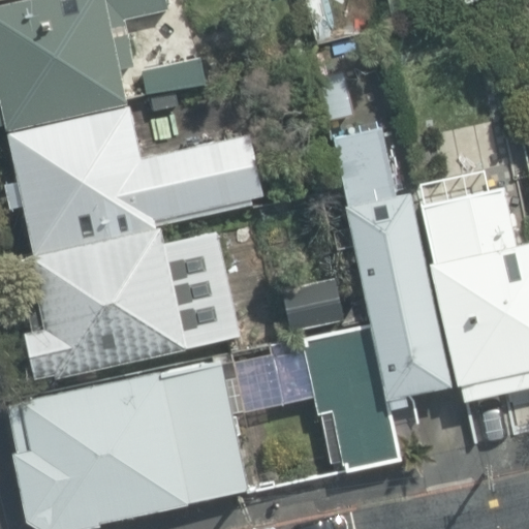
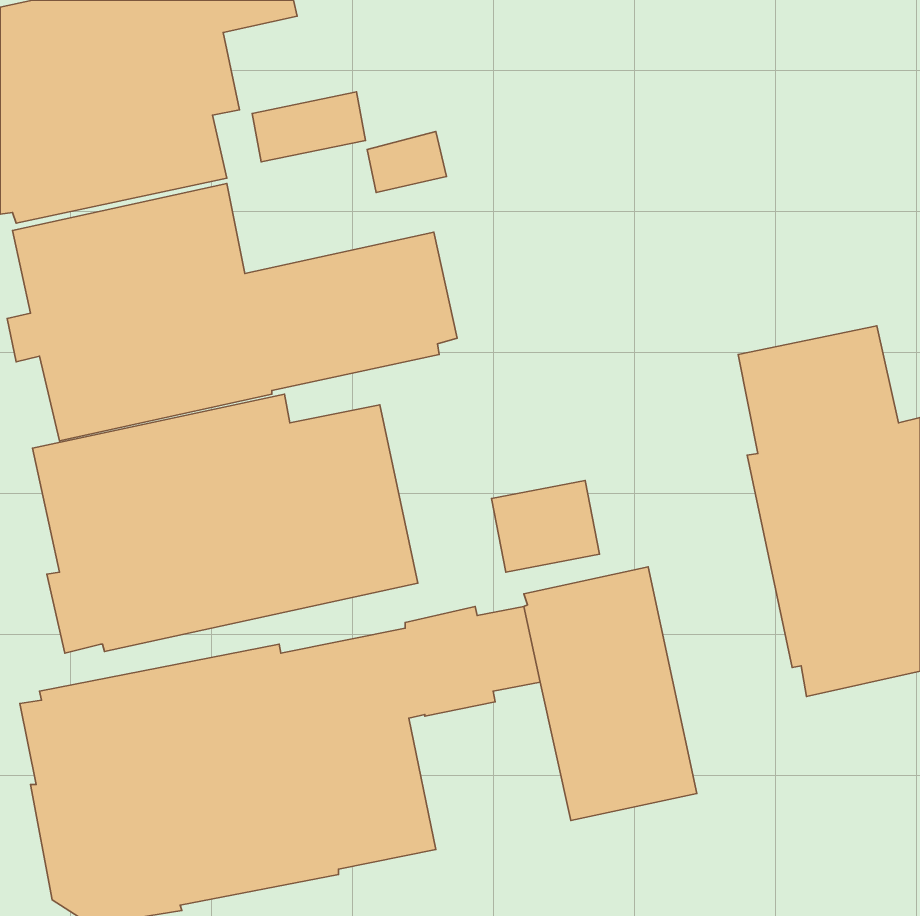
building: [335,128,452,400] -> none

